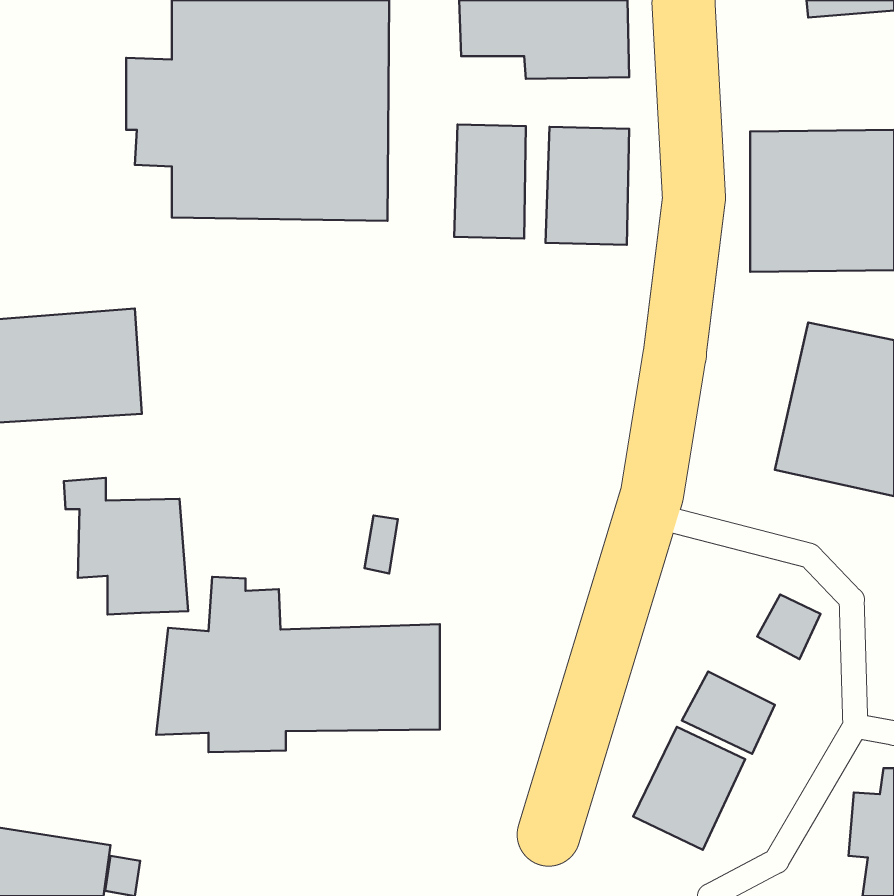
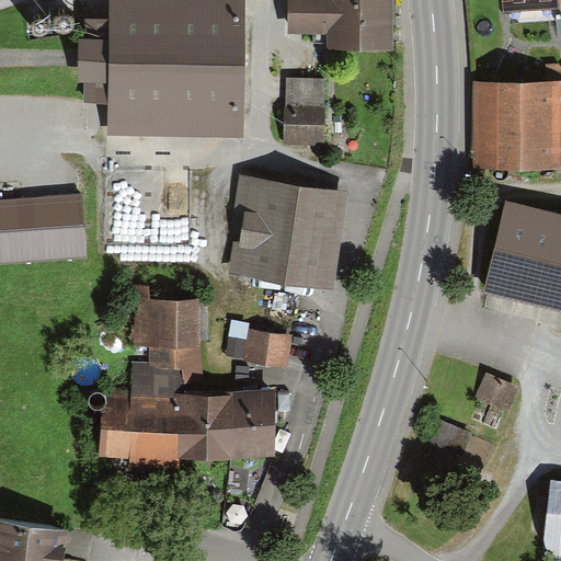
building: [545,127,629,245] -> none
building: none -> [230,175,351,289]
building: [64,478,188,615] -> [126,284,204,369]
building: none -> [244,330,294,369]
building: [633,727,745,850] -> none

